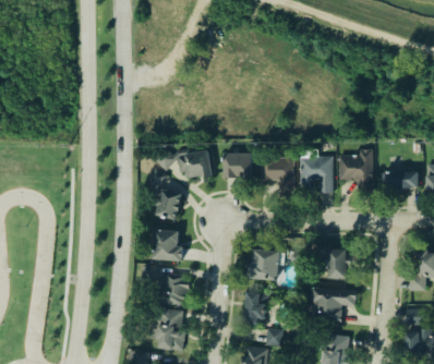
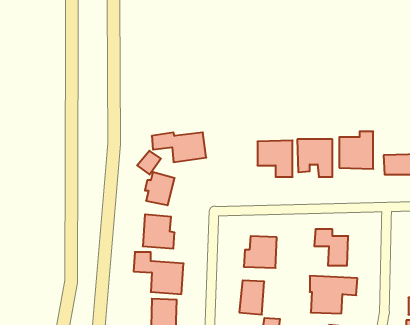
building: [224,153,252,179] -> none

